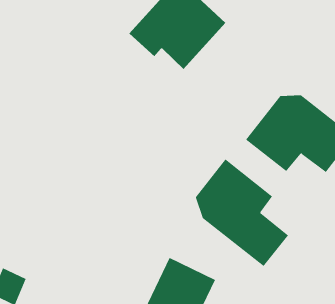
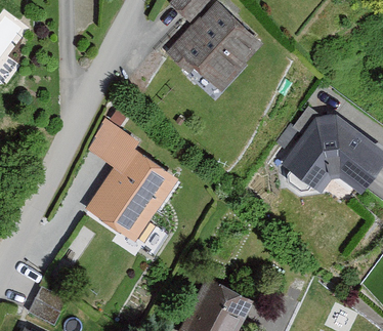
building: none -> [86,122,179,243]
building: [195,159,289,267] -> none

